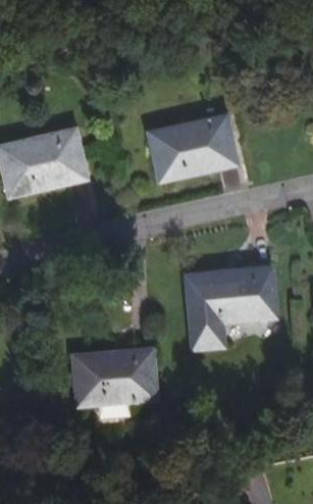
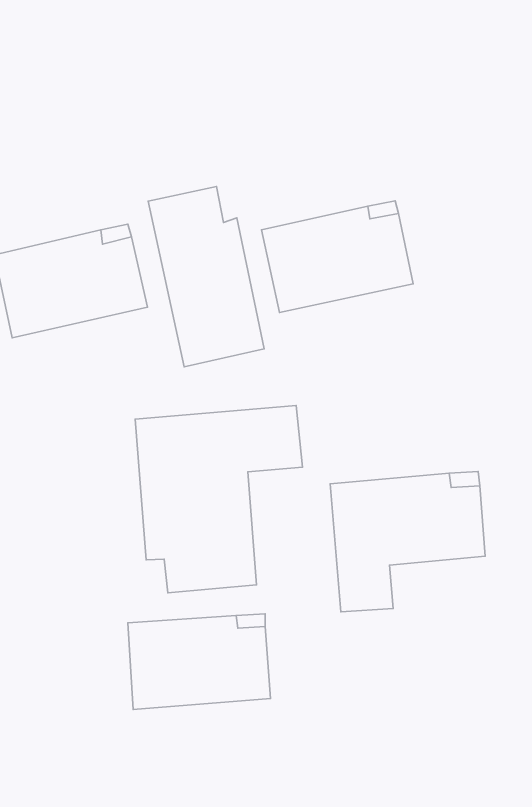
building: none -> [148,187,264,367]
building: none -> [135,406,302,593]

